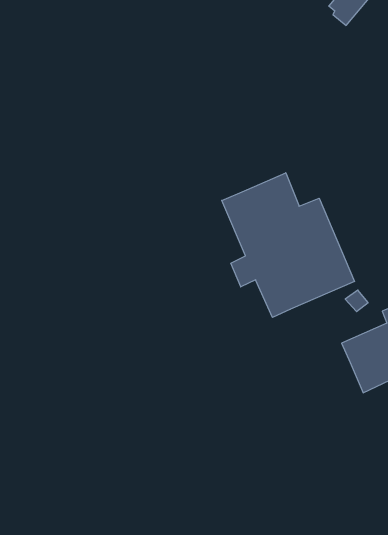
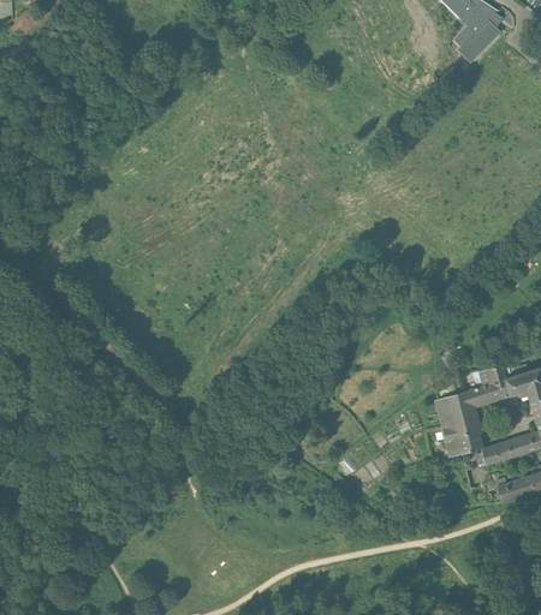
building: [222,173,354,317] -> none

